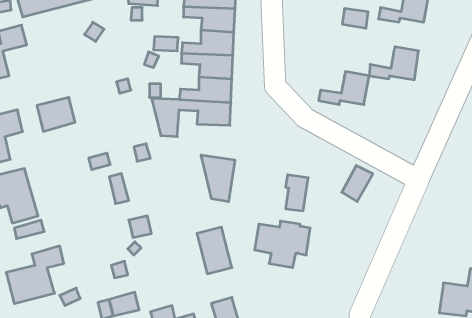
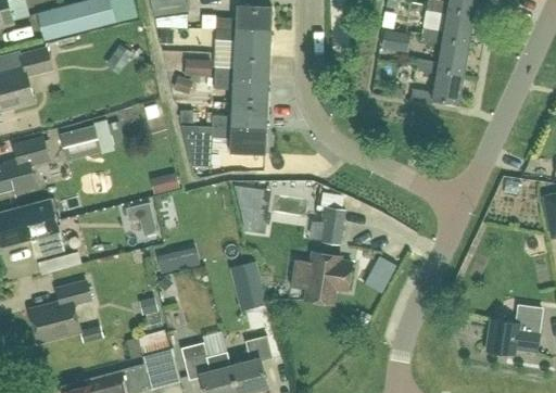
building: [319,72,369,105] -> [415,40,468,75]
building: [342,165,373,202] -> [365,254,397,292]

